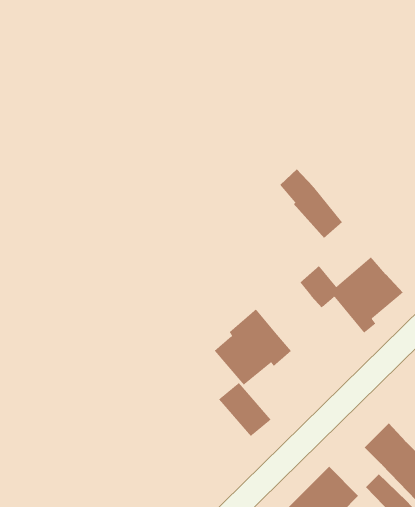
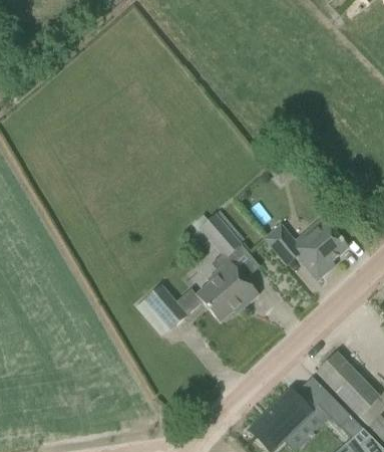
building: [280,169,343,239] -> none
building: none -> [201,215,242,258]
building: [218,382,271,437] -> [144,285,187,329]

